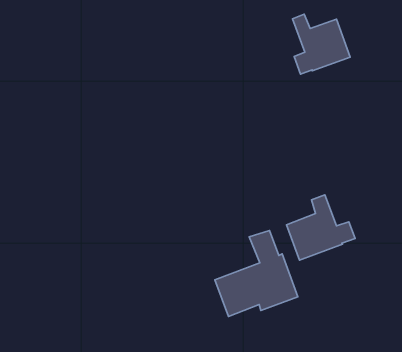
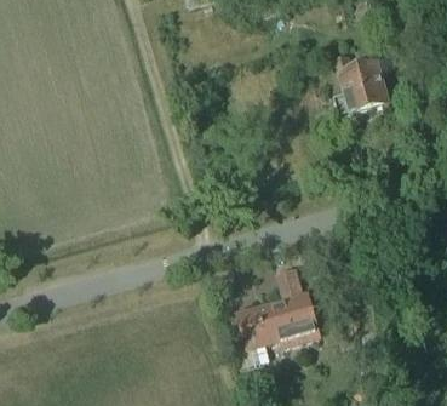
building: [286,195,355,260] -> none

